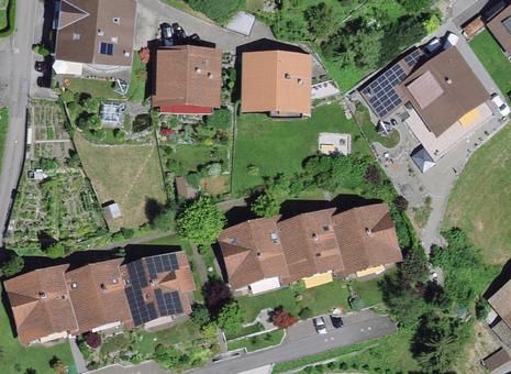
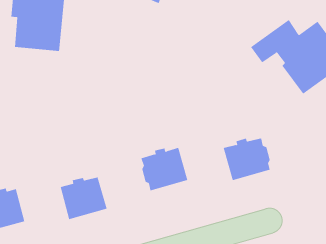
building: [162,52,215,96] -> none
building: [252,58,306,101] -> none
building: [278,212,343,270] -> none
building: [67,263,131,320] -> none

